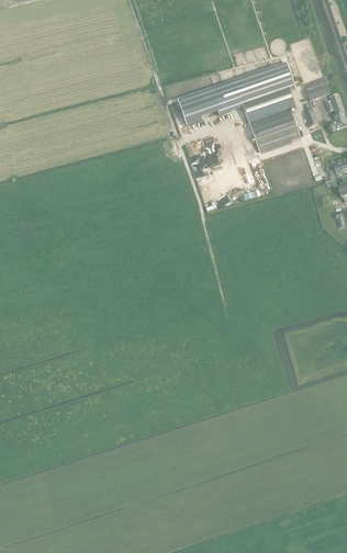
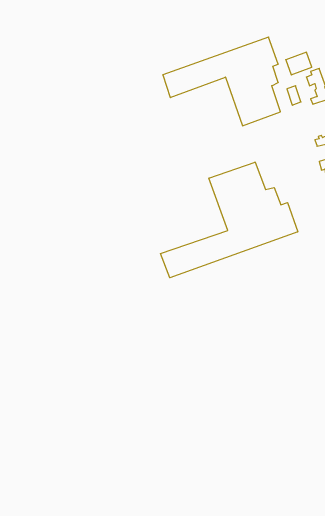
building: none -> [160,162,298,278]

